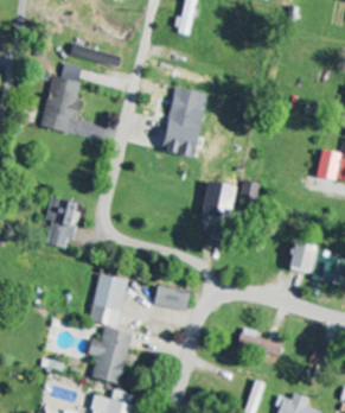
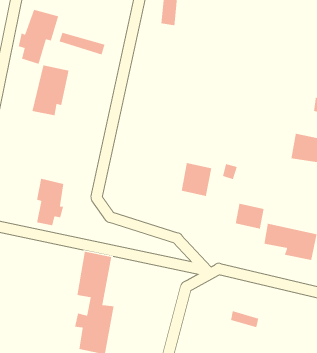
building: none -> [18,9,59,65]
building: [159,88,206,157] -> none
building: none -> [235,203,264,230]
building: [153,285,190,311] -> none

